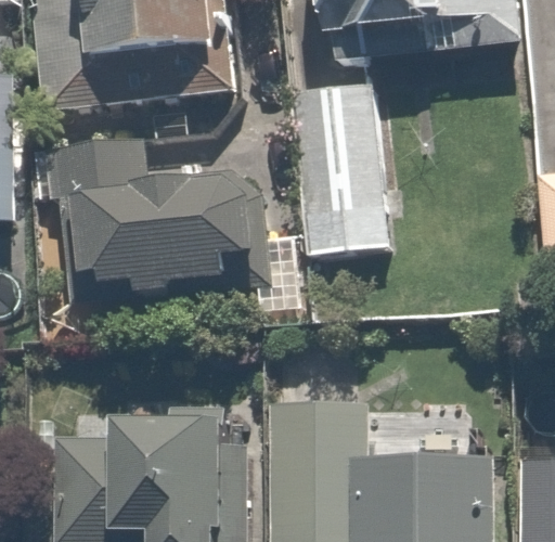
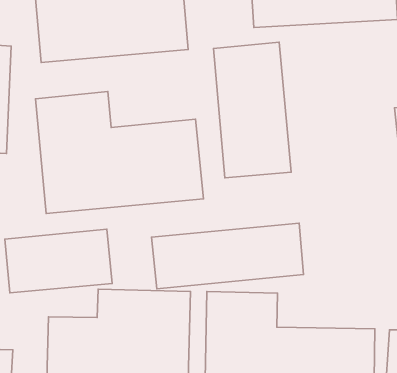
building: none -> [151,223,304,289]
building: none -> [5,229,112,293]

